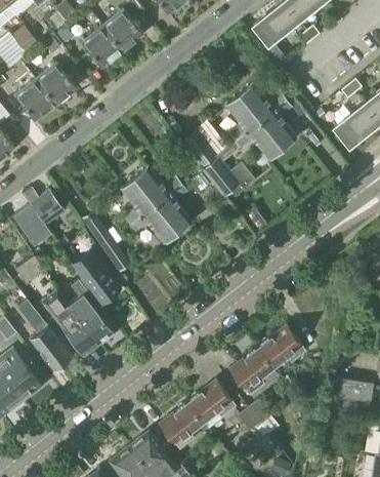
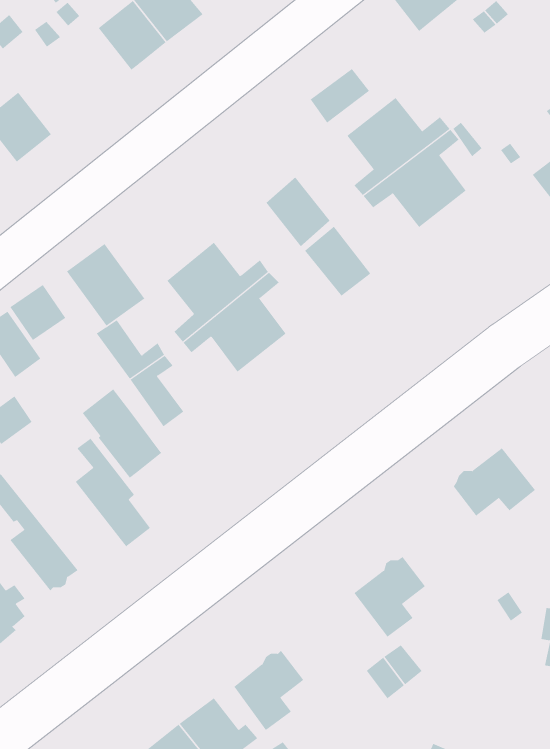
building: [35,64,76,105] -> none
building: none -> [310,68,370,124]
building: none -> [66,243,145,327]
building: [44,296,97,356] -> none
building: [258,327,306,367] -> [453,448,536,516]
building: [187,382,236,422] -> none

